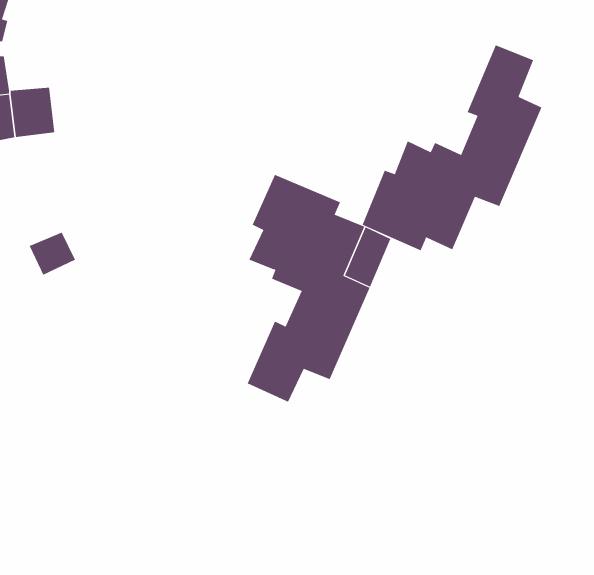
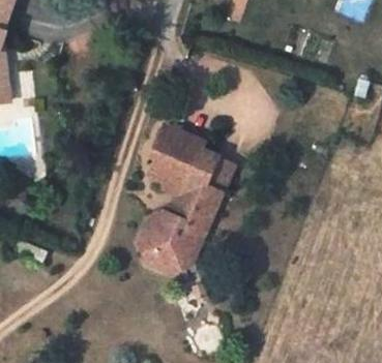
building: [362,44,542,251] -> none
building: none -> [140,210,198,269]

